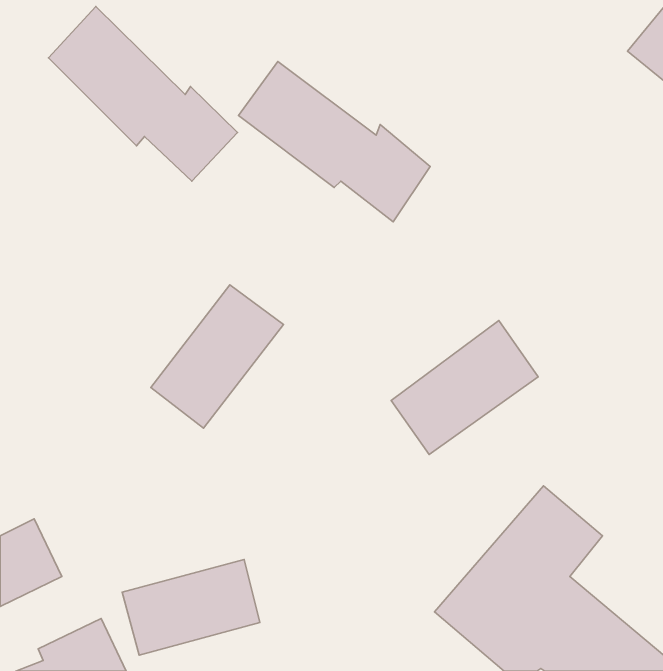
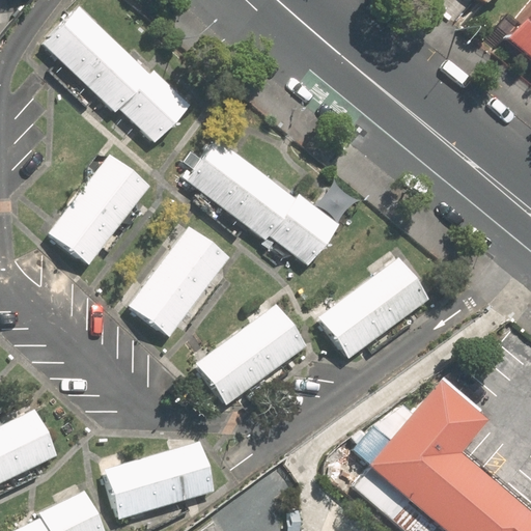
building: [238,62,430,222] -> [188,140,339,267]
building: none -> [48,157,150,266]
building: none -> [196,308,307,407]

